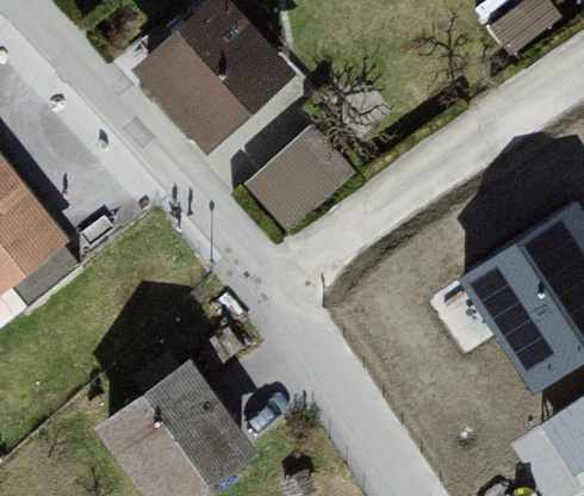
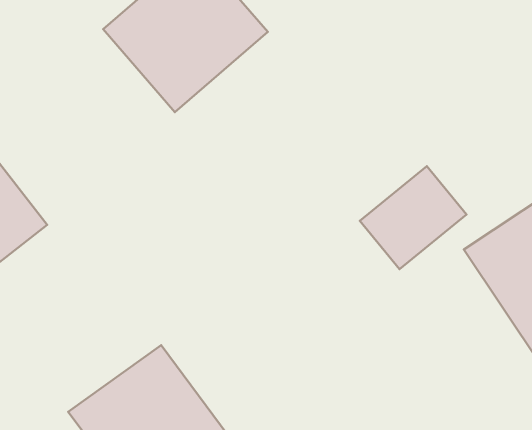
building: [260,114,362,213] -> [360,166,466,269]

